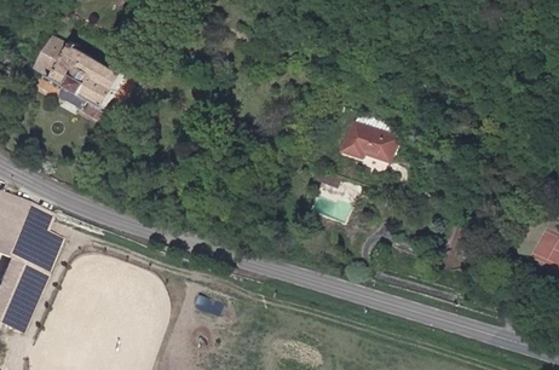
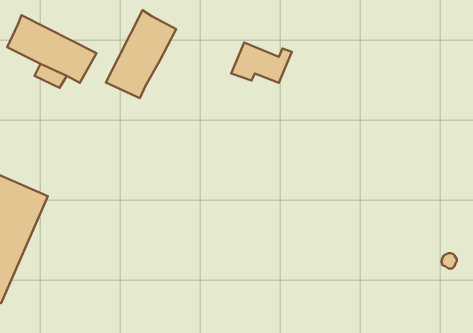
building: none -> [106,10,176,98]
building: [340,121,402,162] -> [231,42,292,83]

